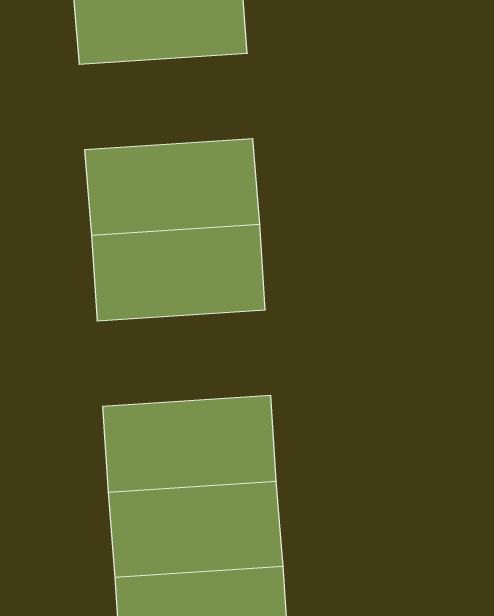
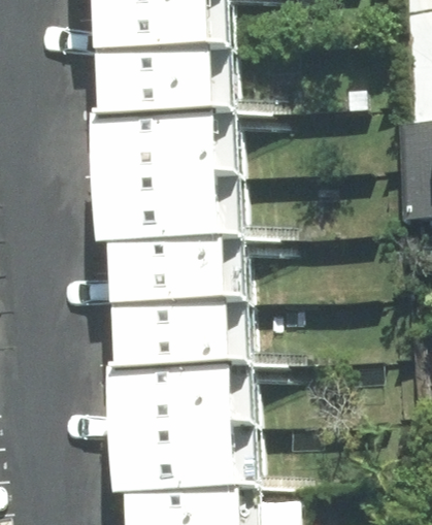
building: none -> [99,54,229,126]
building: none -> [112,245,242,318]

